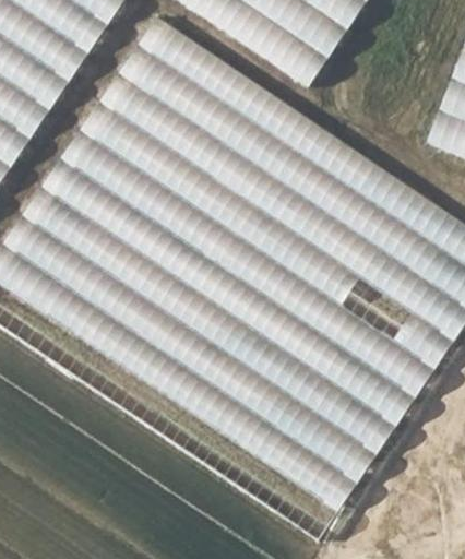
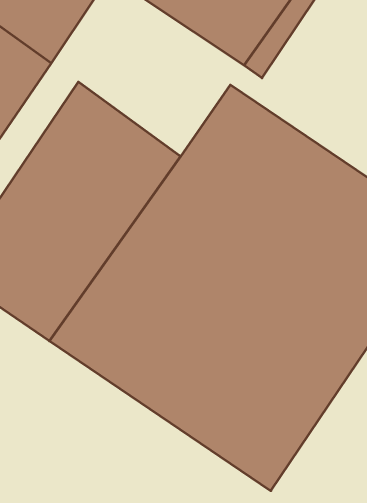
building: [106,15,273,173] -> none

